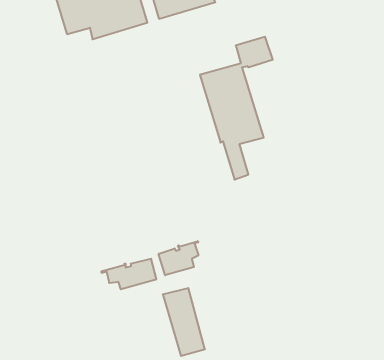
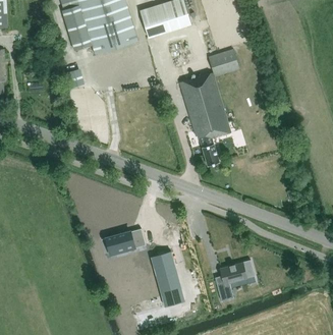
building: [159,241,198,275] -> none
building: none -> [215,260,254,300]

